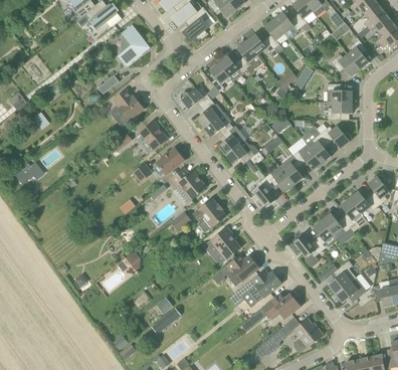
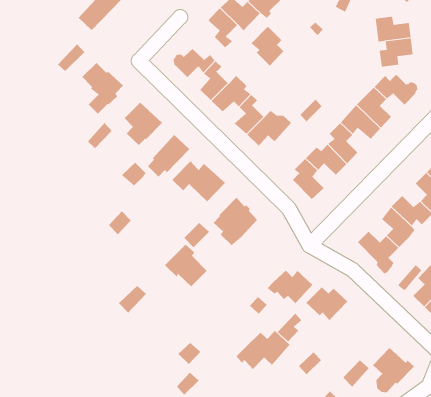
building: none -> [251,26,284,67]
building: [209,227,239,258] -> [164,244,208,287]
building: [259,294,300,320] -> [235,330,291,370]

